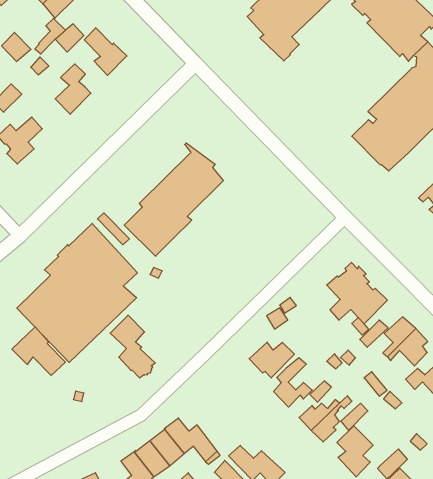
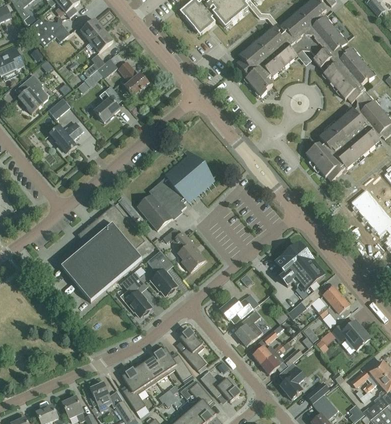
building: none -> [173,230,204,271]
building: none -> [148,249,177,294]
building: [12,327,65,375] -> none
building: none -> [179,328,207,369]

